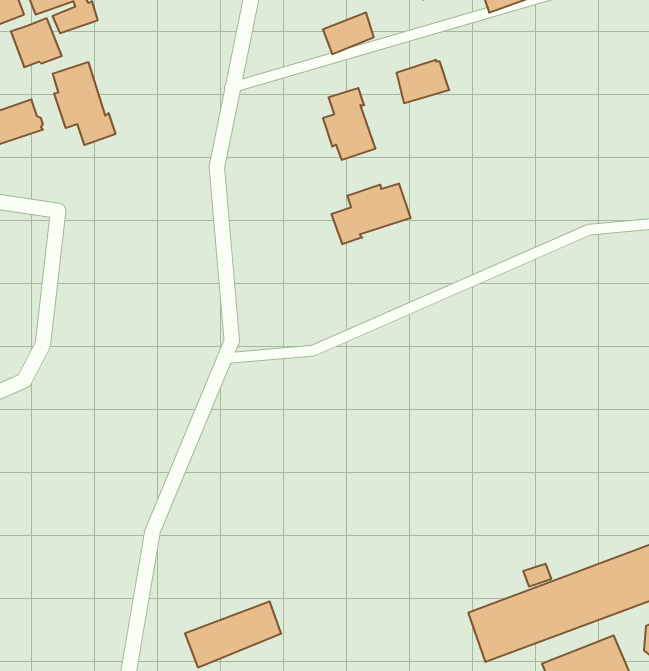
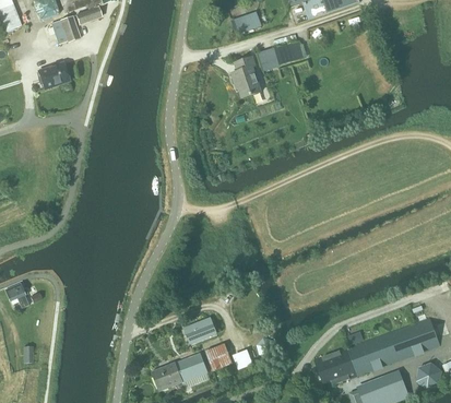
building: [53,62,115,145] -> none
building: [332,183,411,244] -> none
building: none -> [183,317,217,343]
building: none -> [205,343,233,371]

